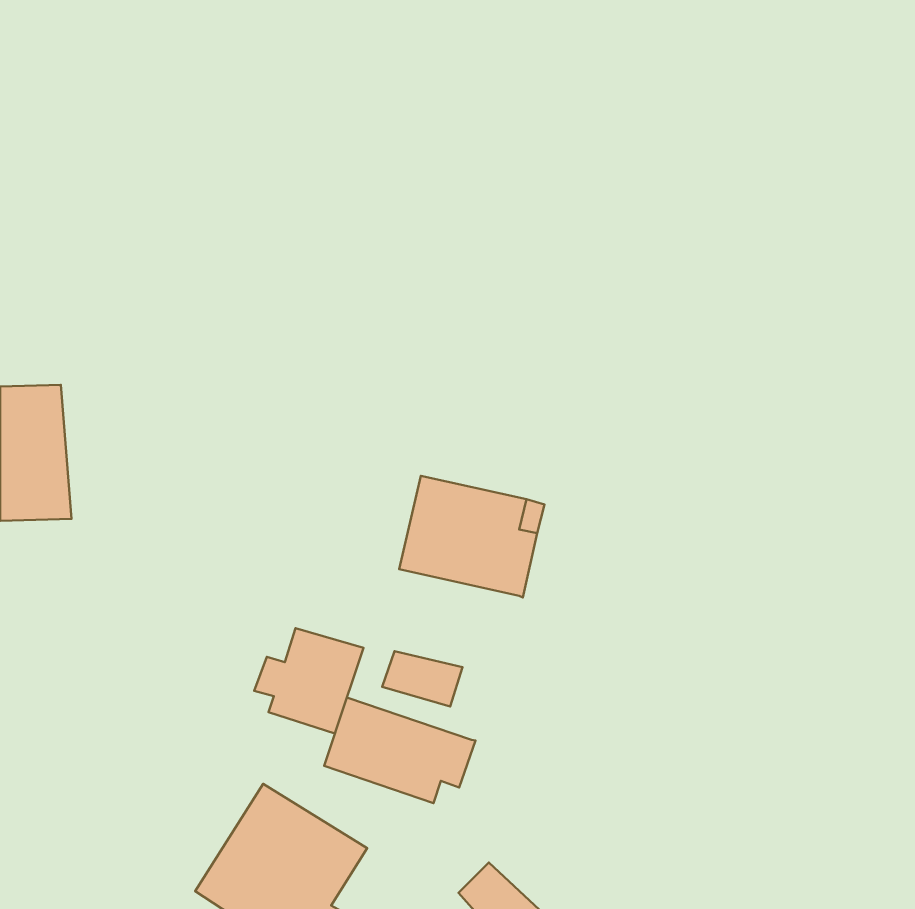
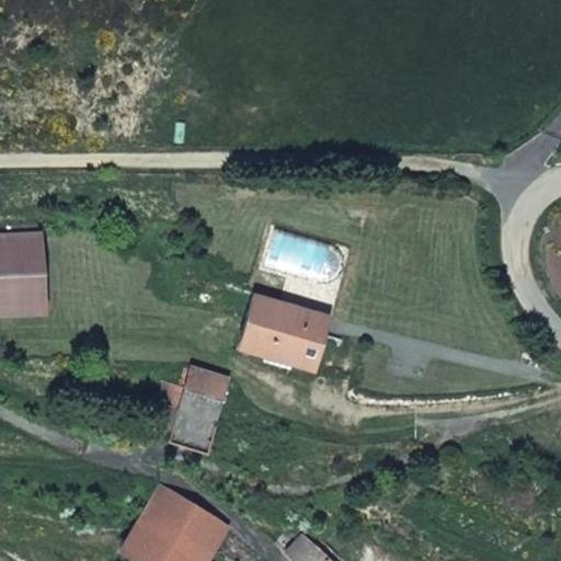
building: [382,651,463,706] -> [181,366,230,400]
building: [324,698,476,803] -> none

